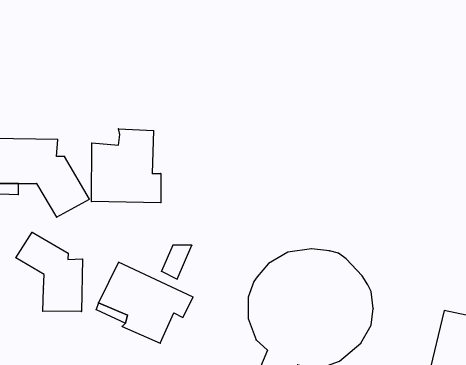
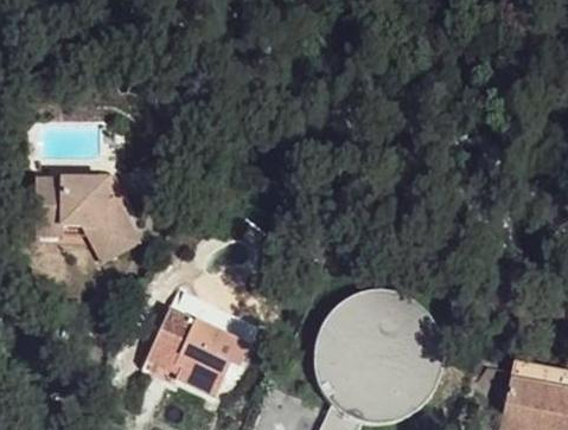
building: [92,129,161,203] -> none
building: [16,232,82,312] -> none

